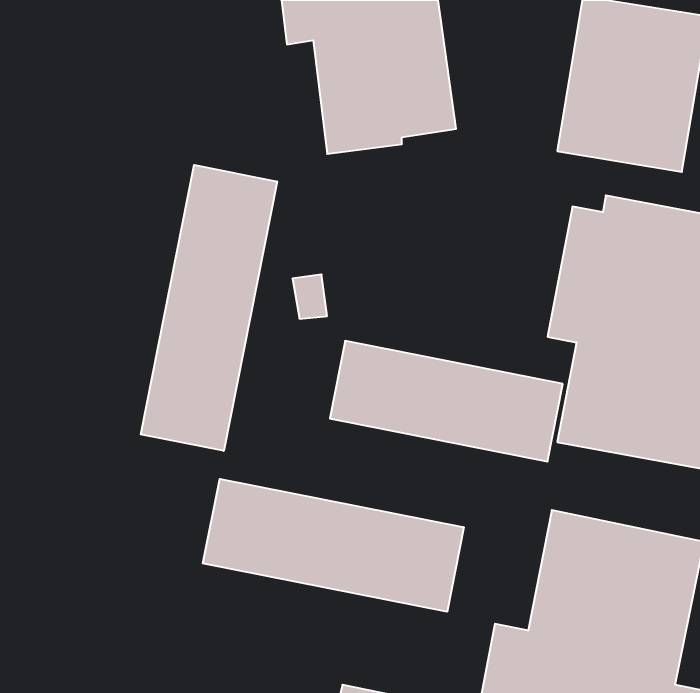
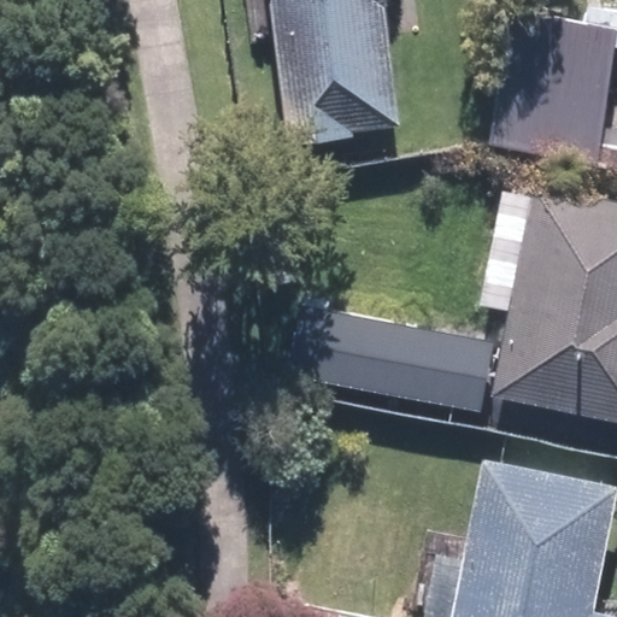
building: [141,165,277,451] -> none
building: [203,479,464,612] -> none

